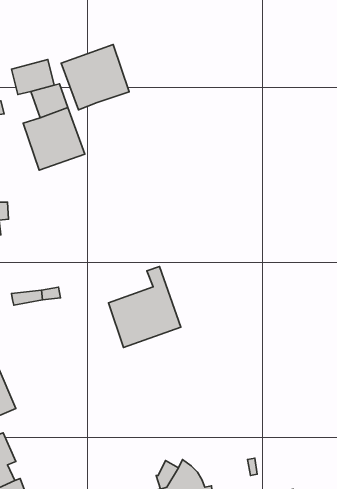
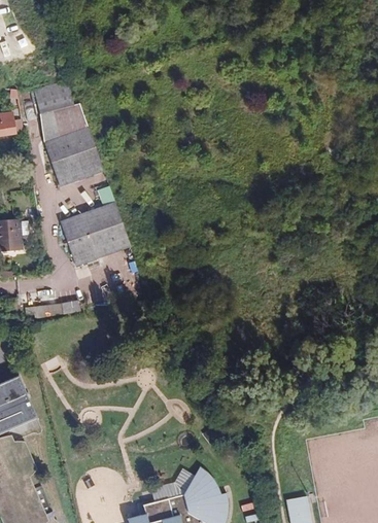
building: [61,44,129,110] -> none
building: [109,267,181,347] -> [60,187,130,266]

